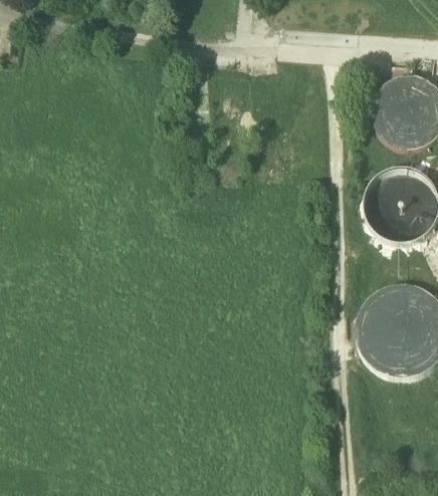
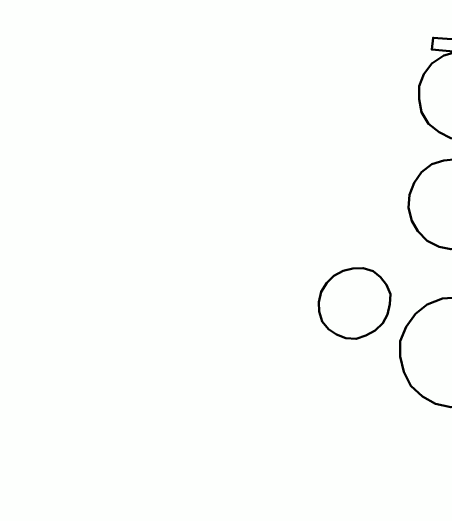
building: none -> [319,268,390,339]

